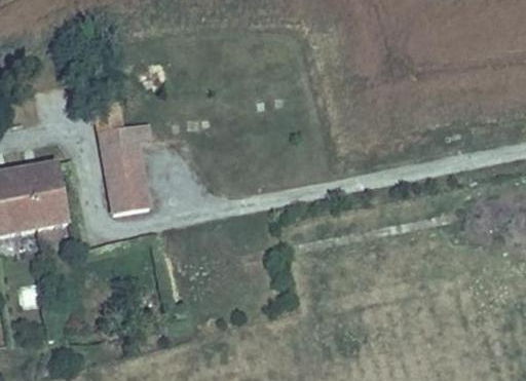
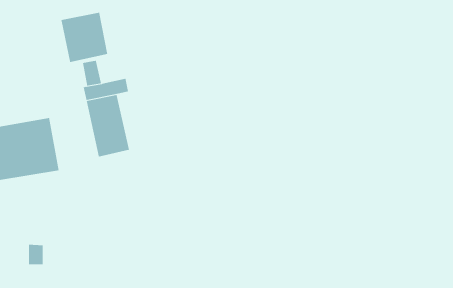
building: none -> [61,12,108,63]

